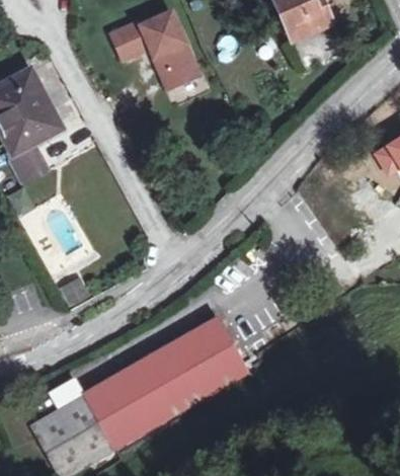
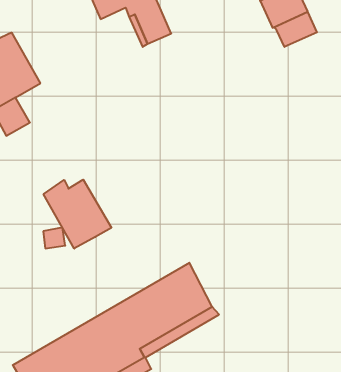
building: none -> [274,12,317,47]
building: none -> [44,180,111,249]

